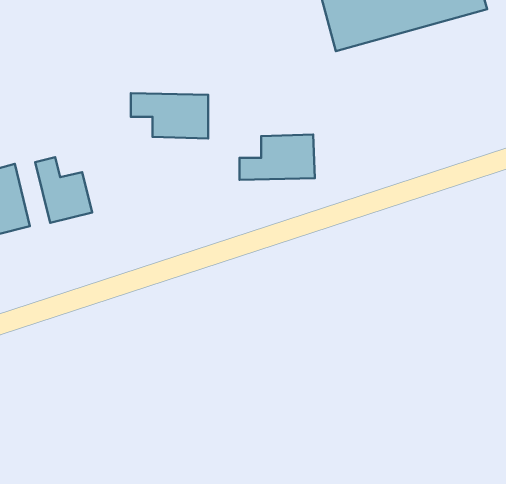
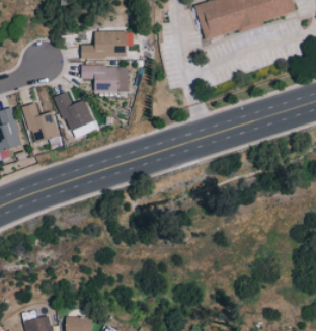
building: [239,134,315,180] -> [82,30,128,58]
building: none -> [57,92,94,139]

